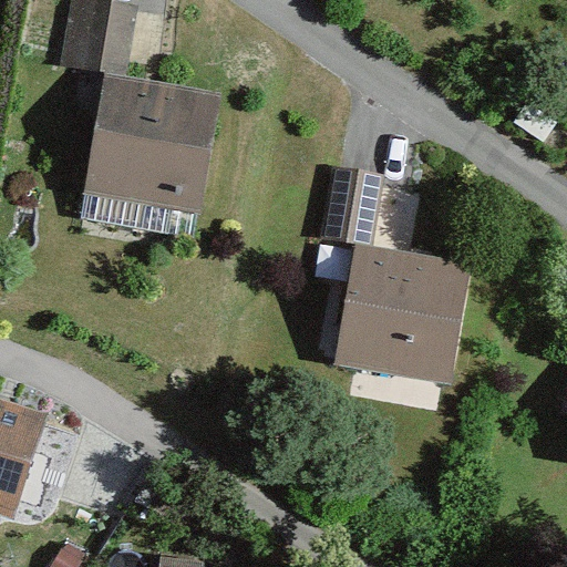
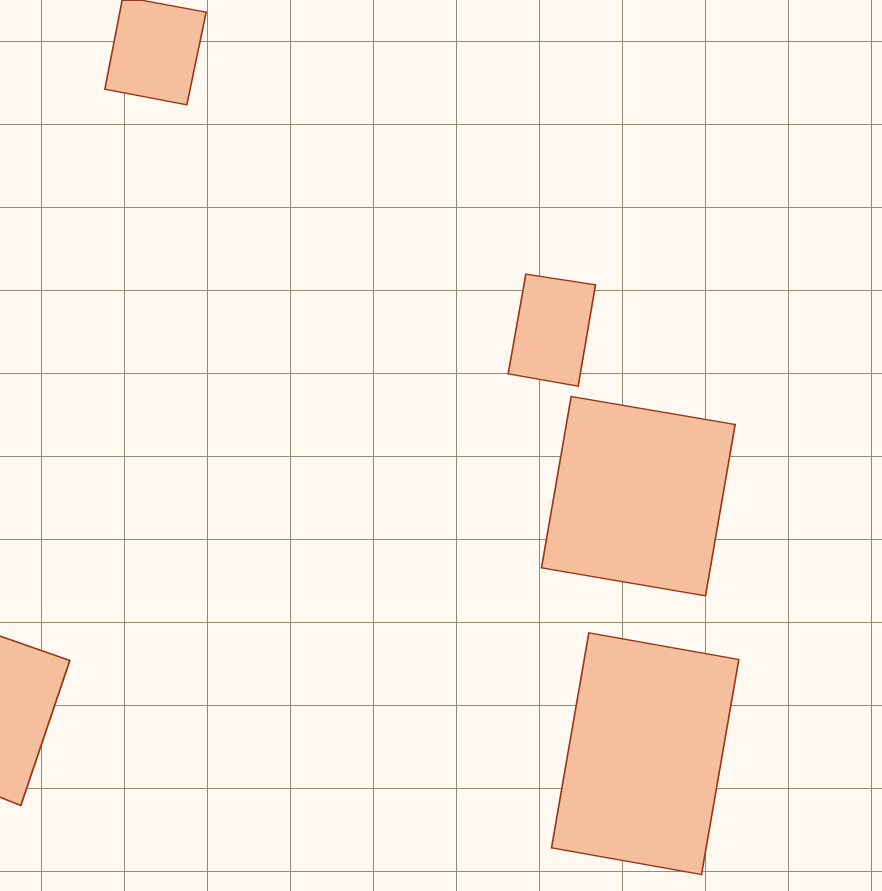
building: [92,78,216,206] -> none
building: none -> [552,633,739,875]

